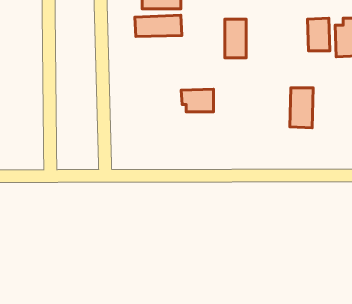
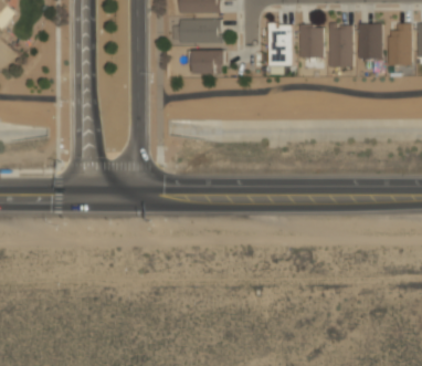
building: none -> [299,23,323,56]
building: [290,88,313,128] -> [328,23,354,66]
building: [181,89,214,112] -> [188,49,223,73]

